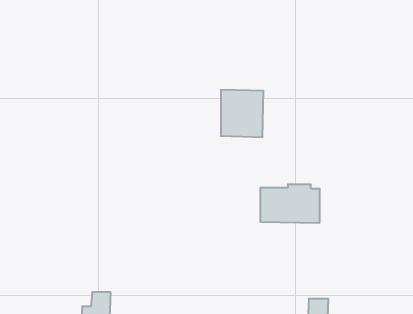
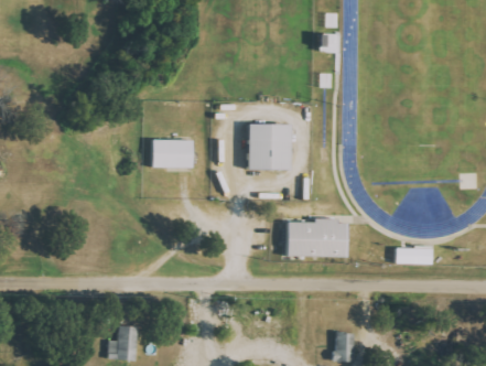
building: none -> [152,139,193,168]
building: none -> [397,248,433,265]

